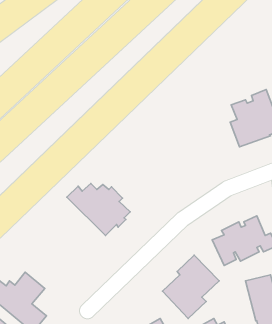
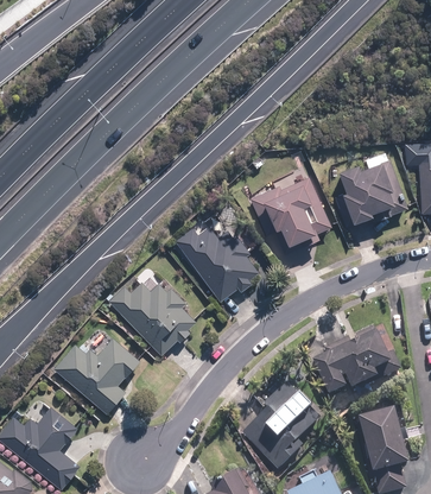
building: none -> [251,175,331,245]
building: none -> [176,224,259,299]
building: none -> [55,335,140,411]

